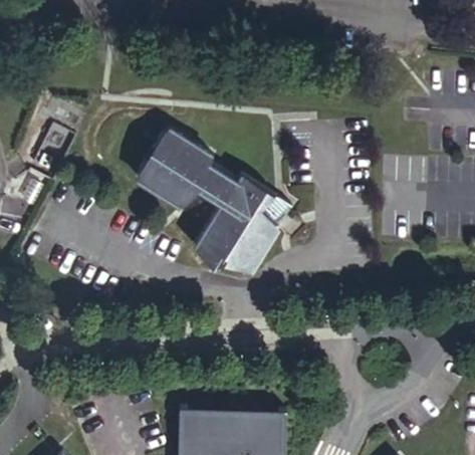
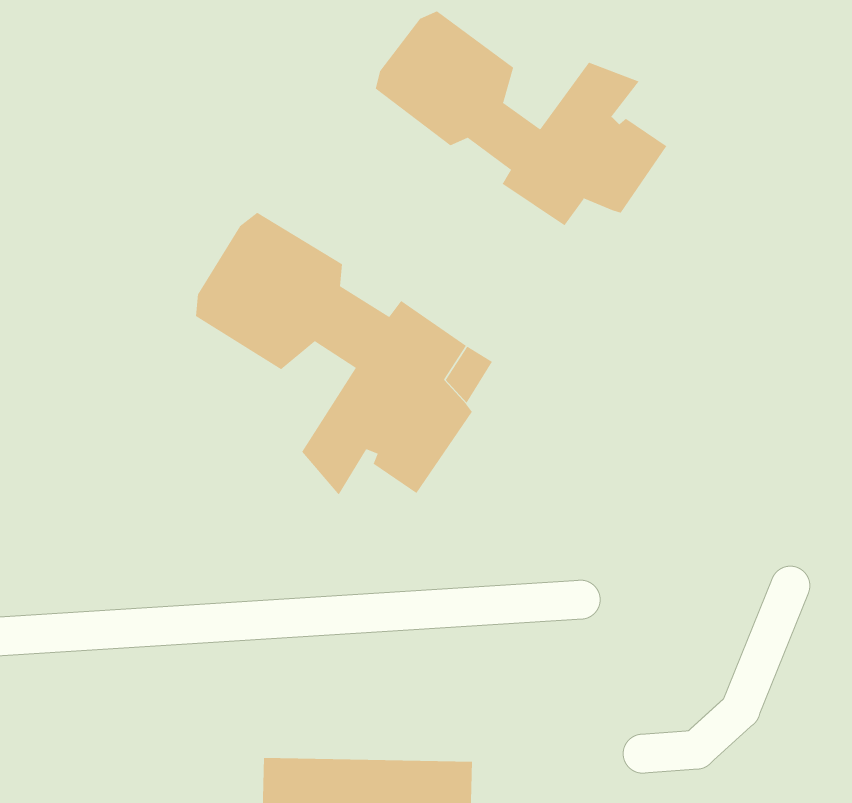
building: none -> [375,11,667,226]

